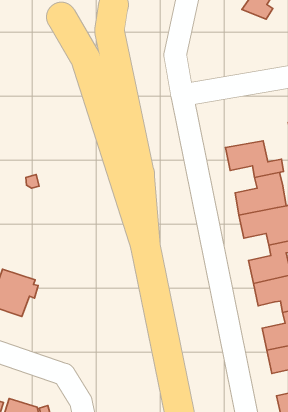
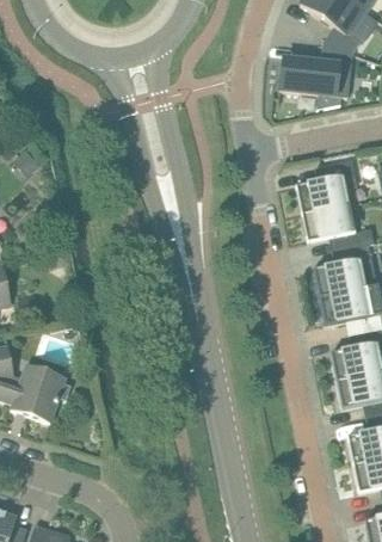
building: none -> [279,42,352,97]
building: none -> [296,159,357,213]

